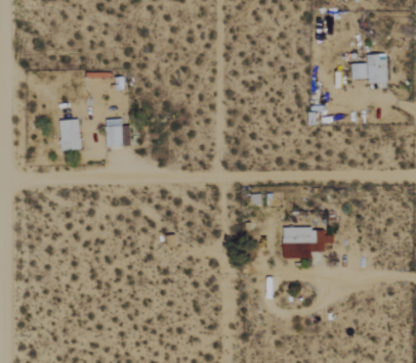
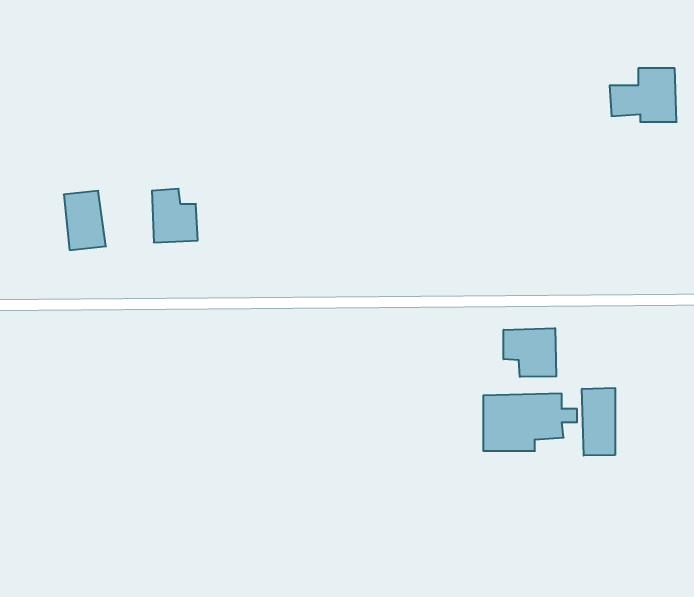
building: none -> [504,328,556,377]
building: none -> [582,388,615,456]

